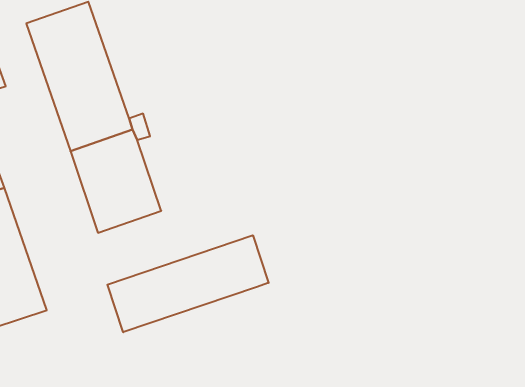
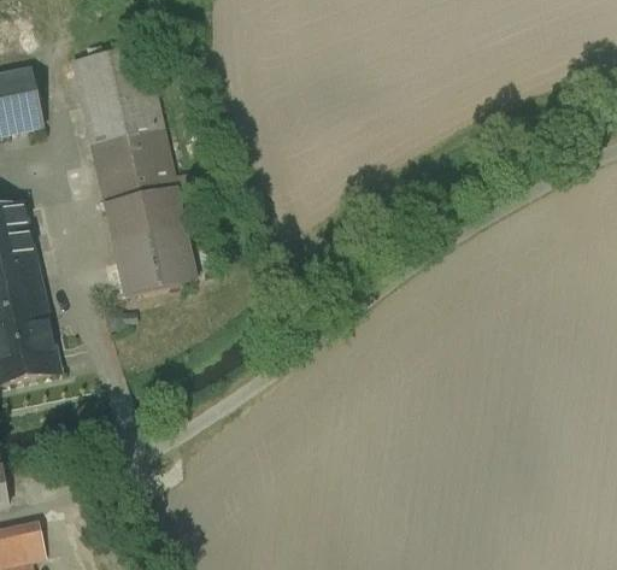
building: [107,235,269,332] -> none

